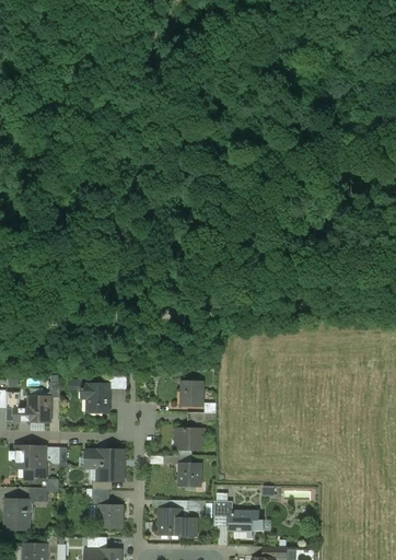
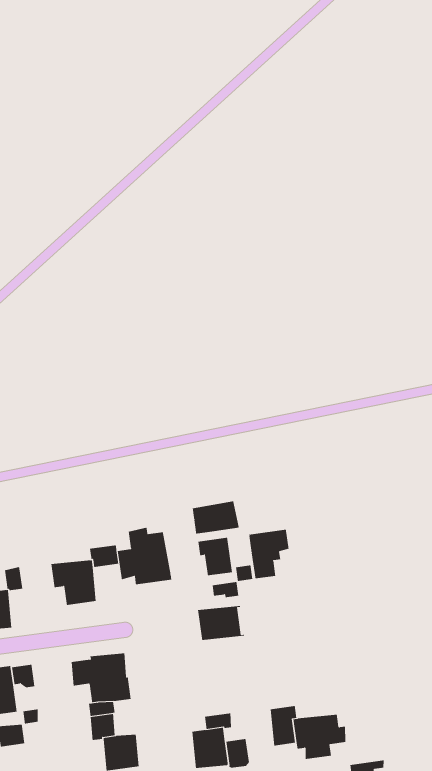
building: none -> [192,501,239,534]
building: none -> [117,527,172,585]
building: none -> [249,529,289,579]
building: [178,463,201,487] -> none

